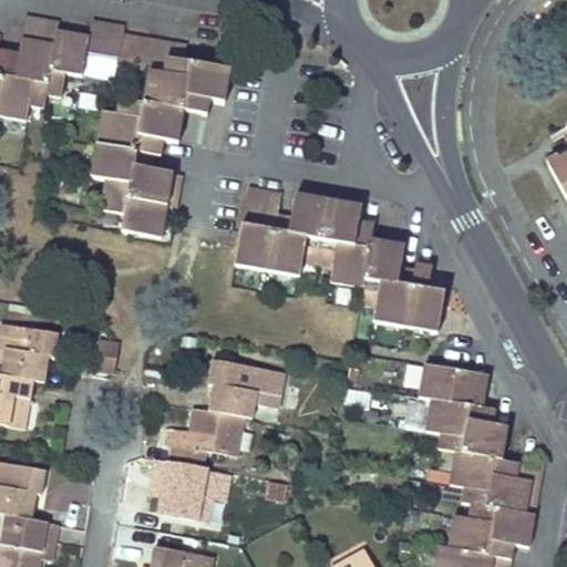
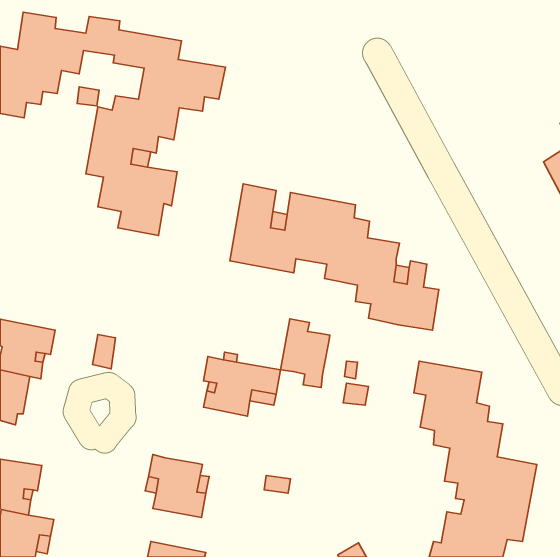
building: none -> [281,319,330,388]
building: [162,408,245,466] -> none

